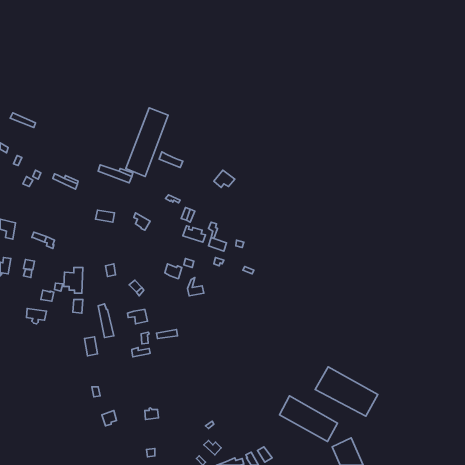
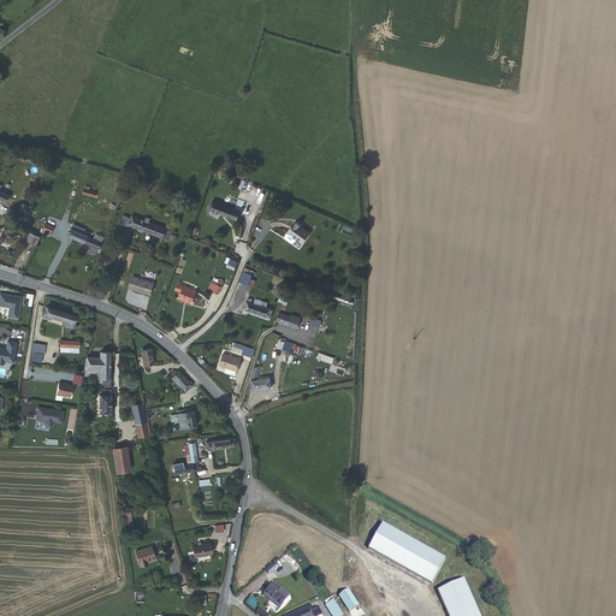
building: [126,108,168,177] -> none
building: [315,367,378,416] -> none

